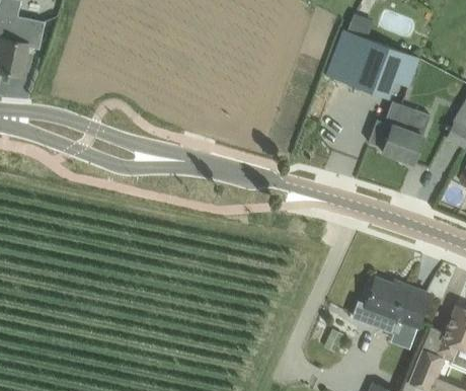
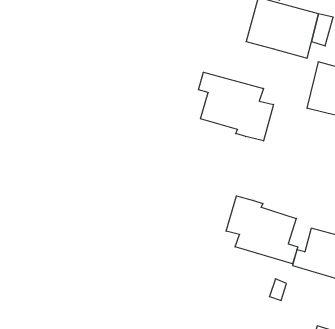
building: none -> [198,72,273,141]
building: none -> [226,196,298,264]

